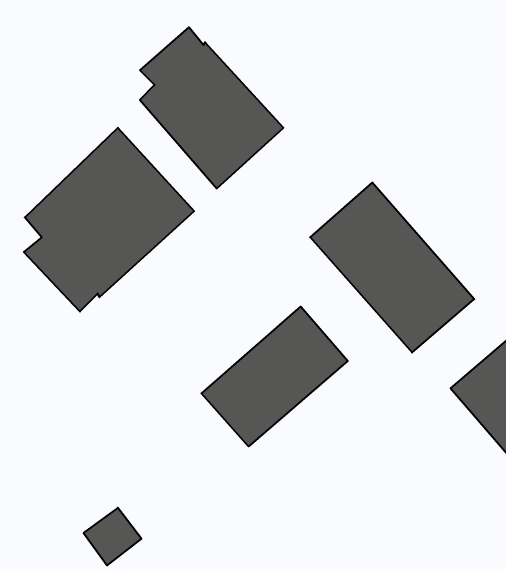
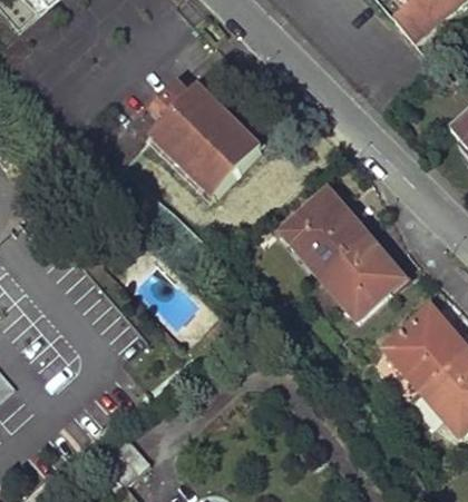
building: [24,128,194,312] -> none
building: [201,307,348,446] -> none

